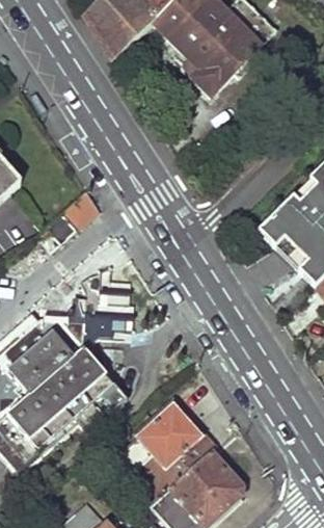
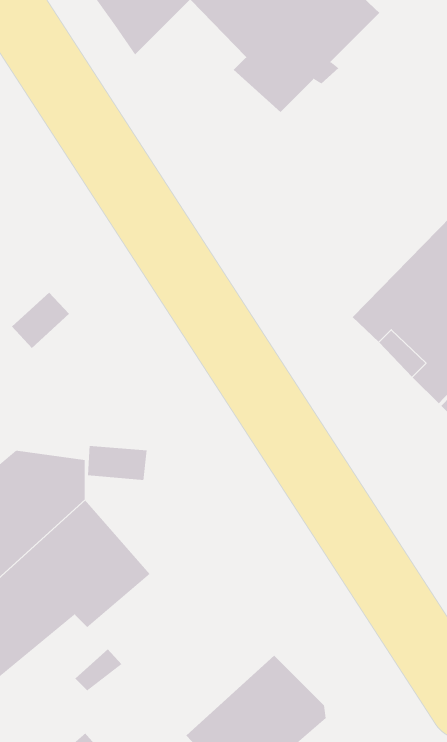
building: [118,400,214,503] -> none

